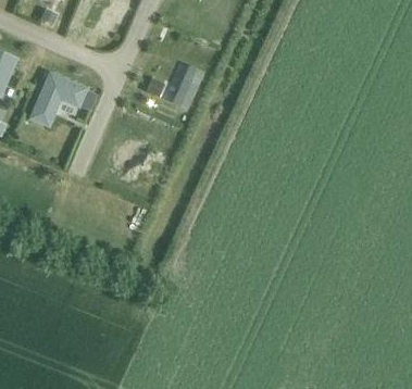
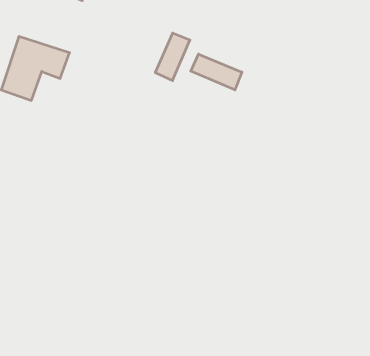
building: none -> [191,54,242,90]

